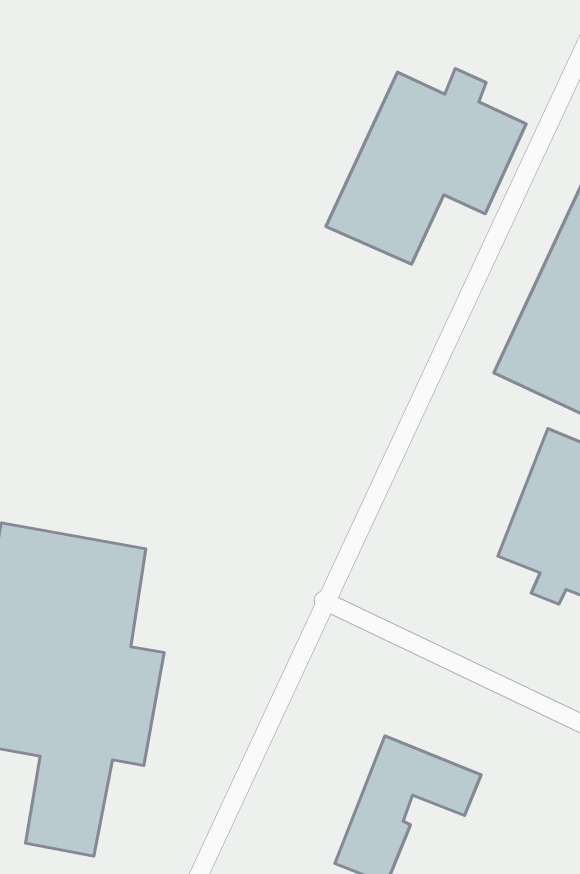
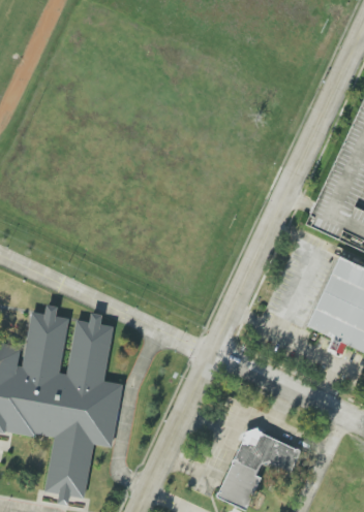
building: [326,68,526,264] -> none

